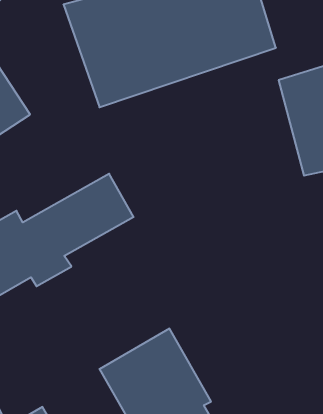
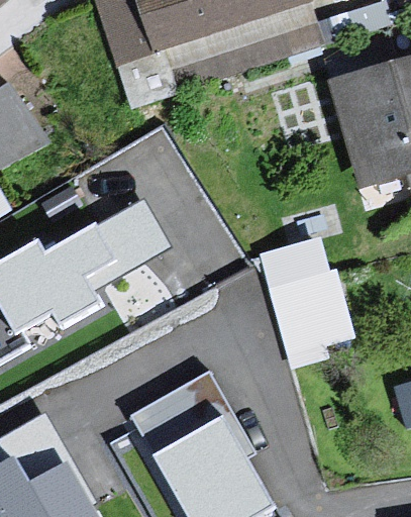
building: none -> [264,226,353,348]

